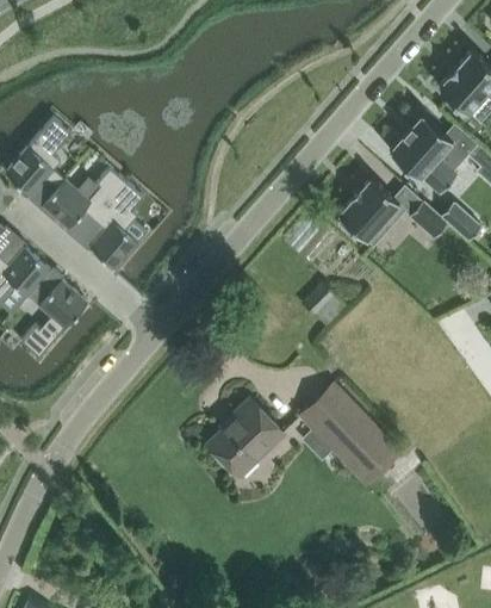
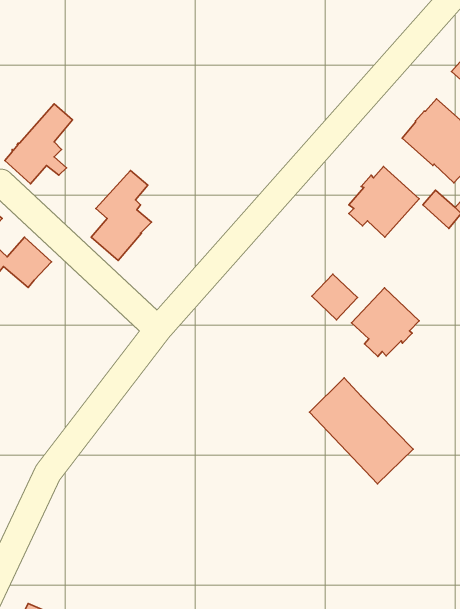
building: [42,167,128,228] -> none
building: [21,279,88,355] -> none
building: none -> [351,288,419,356]
building: [209,399,284,476] -> none

